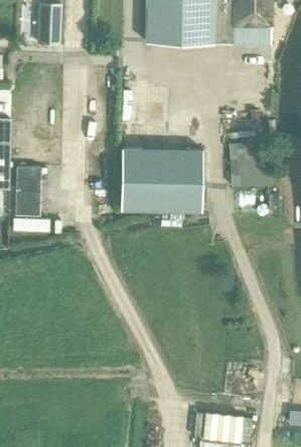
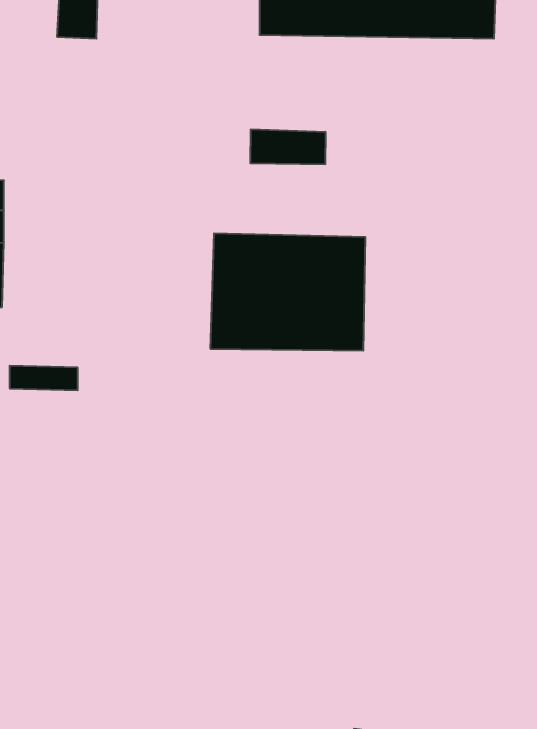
building: none -> [250,129,325,164]
building: [14,166,40,215] -> none

